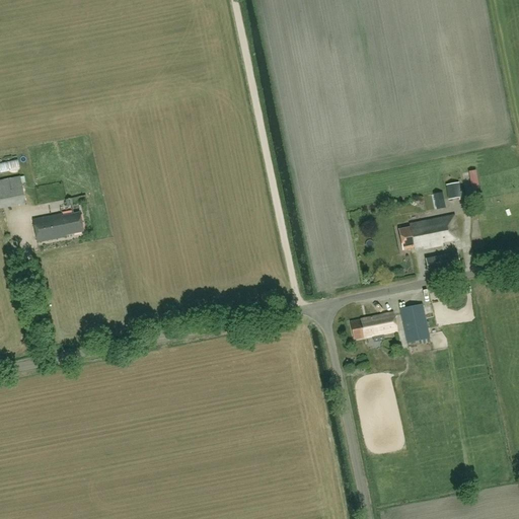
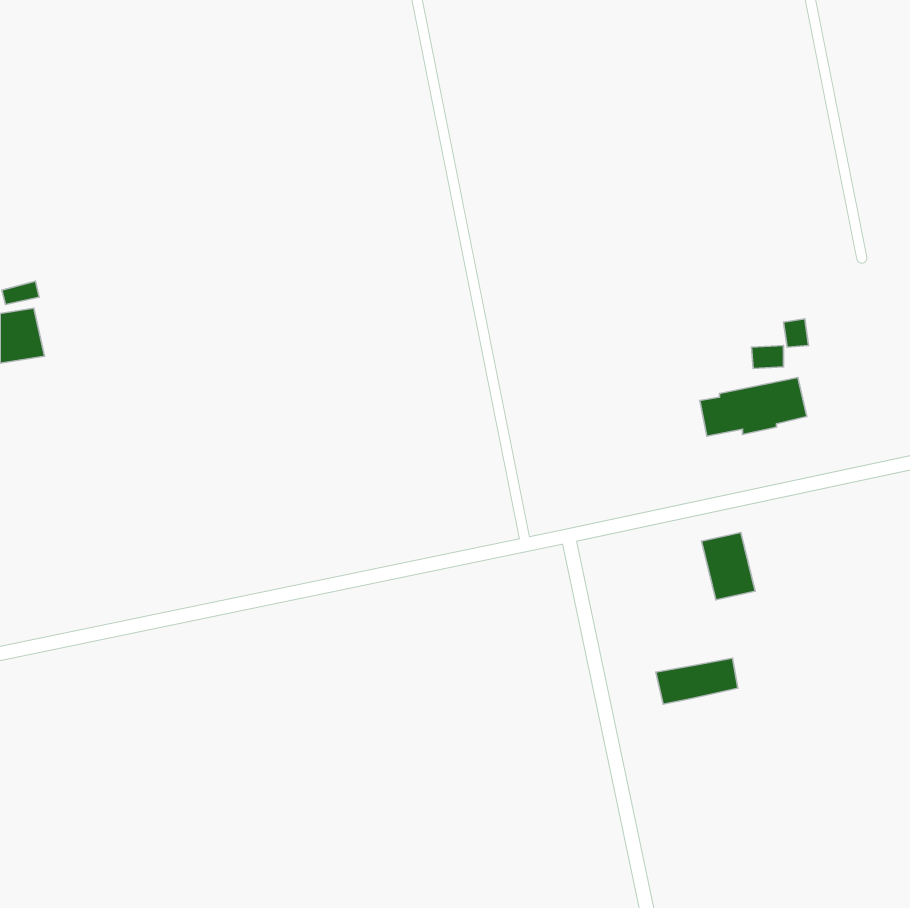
building: [32,211,83,241] -> none
building: [350,312,396,339] -> [656,658,738,704]

